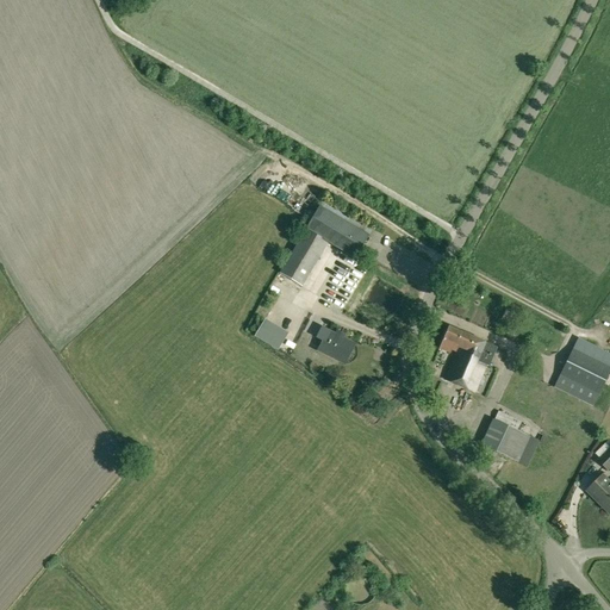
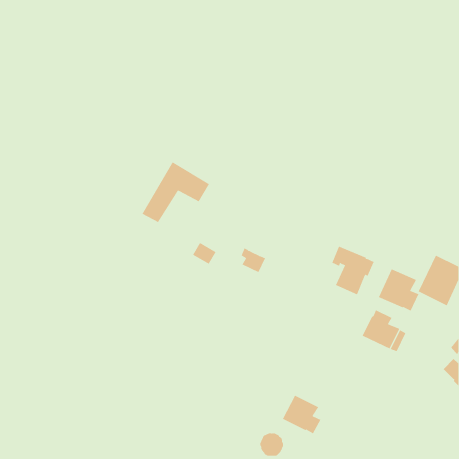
building: [279,205,369,286] -> [142,162,210,223]
building: none -> [378,269,419,311]
building: none -> [282,395,321,434]

